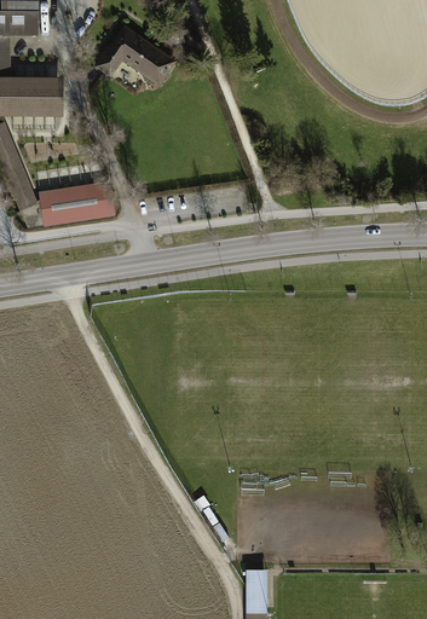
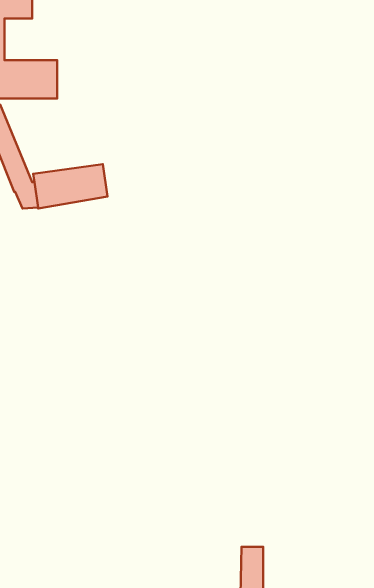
building: [93,25,174,86] -> none

